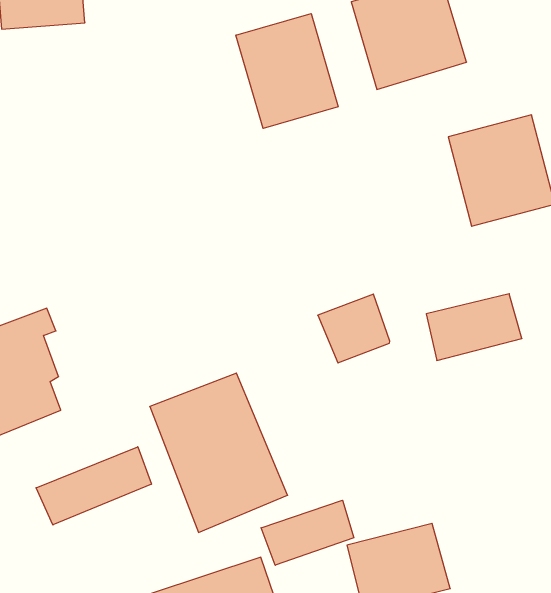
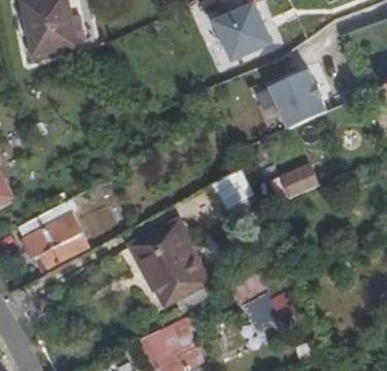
building: [236,14,338,128] -> none
building: [36,447,151,525] -> none
building: [261,500,354,565] -> none

